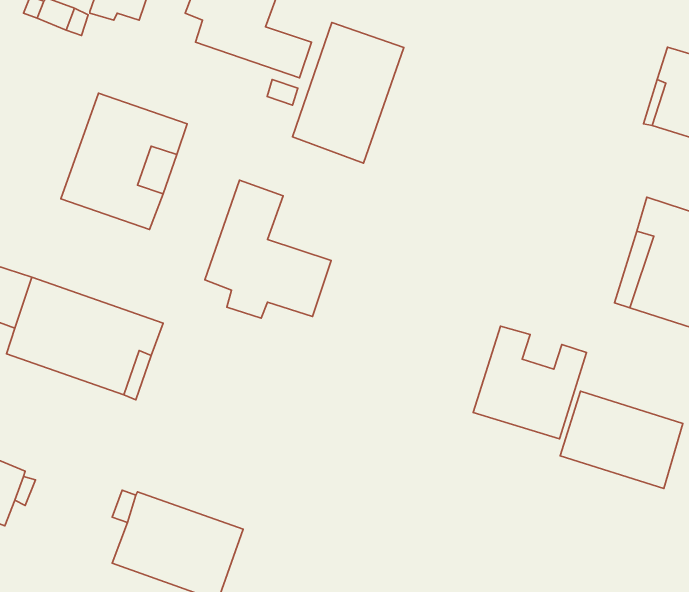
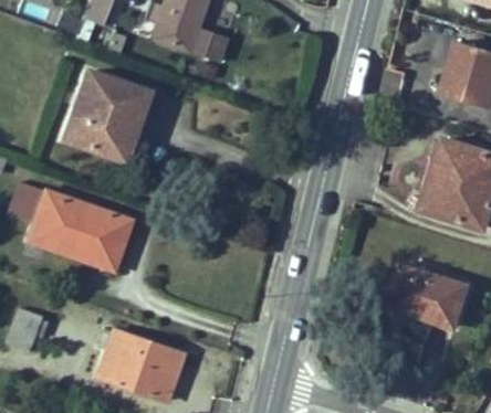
building: [293,23,404,163] -> none
building: [205,180,331,318] -> none
building: [473,326,587,439] -> none

